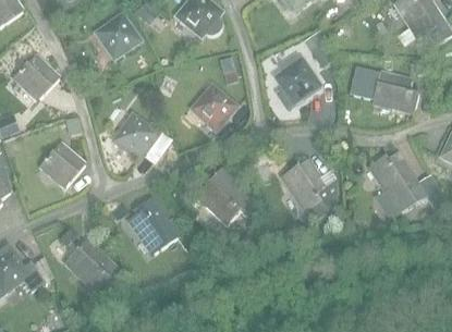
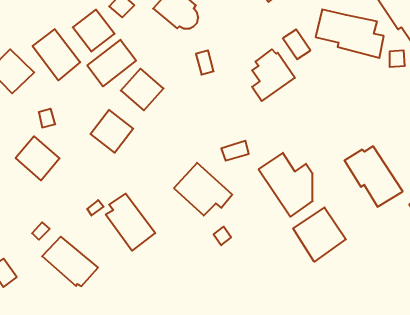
building: none -> [33,29,80,80]
building: none -> [87,40,136,86]
building: [350,65,417,113] -> [316,9,384,58]
building: [193,86,235,127] -> [121,69,164,110]
building: none -> [293,207,346,262]

